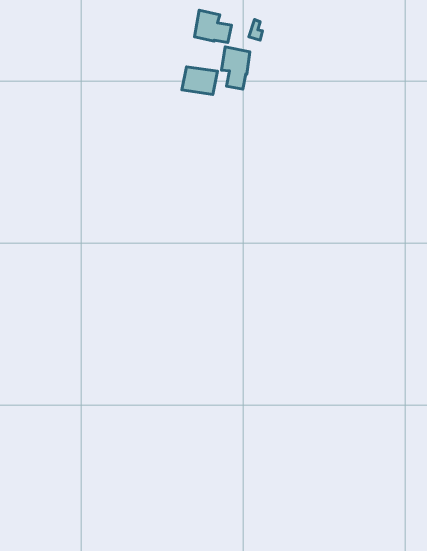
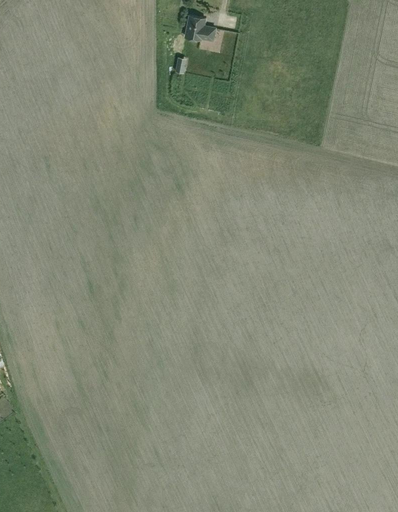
building: [222,47,250,89] -> none

